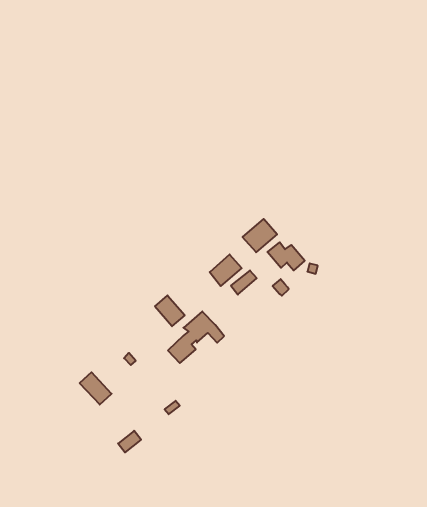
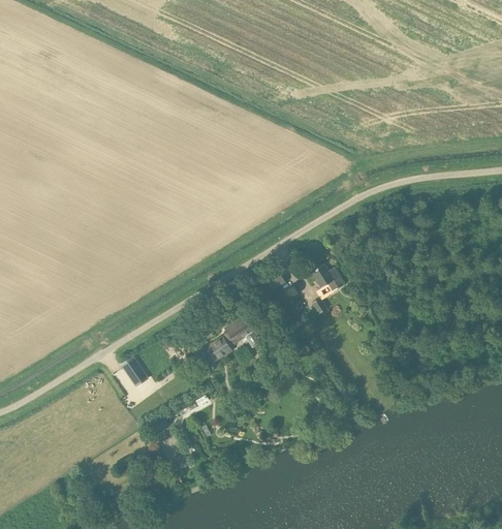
building: [243,219,277,252] -> none
building: [155,295,185,326] -> none

